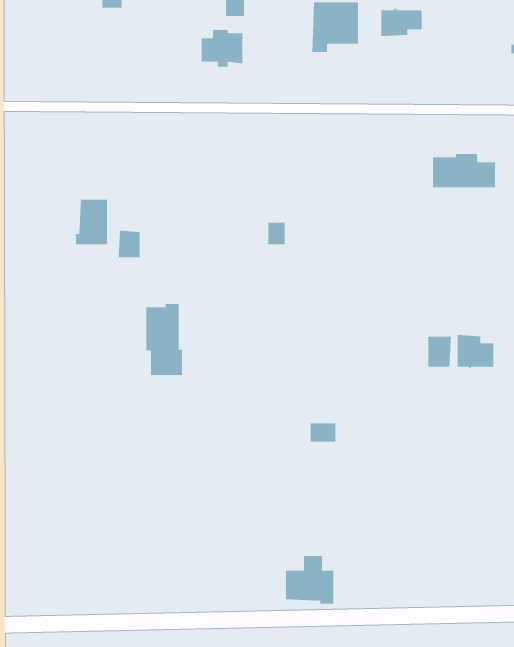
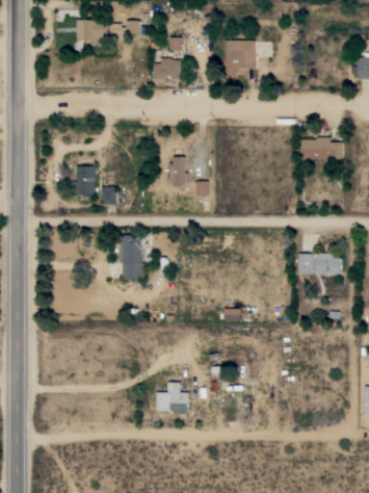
building: [381,8,422,37] -> none
building: none -> [168,157,188,186]
building: [285,555,334,604] -> [156,383,187,414]

